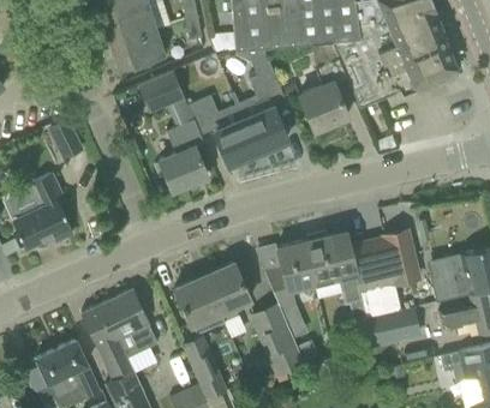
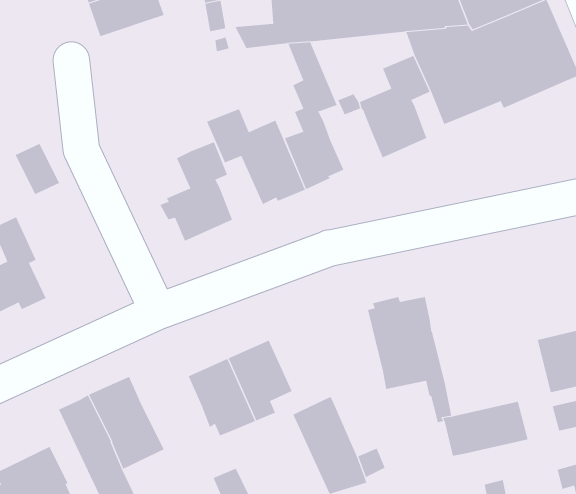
building: [112,29,167,71] -> none
building: [139,72,185,113] -> none
building: [351,232,419,294] -> none
building: [265,241,316,308] -> none

